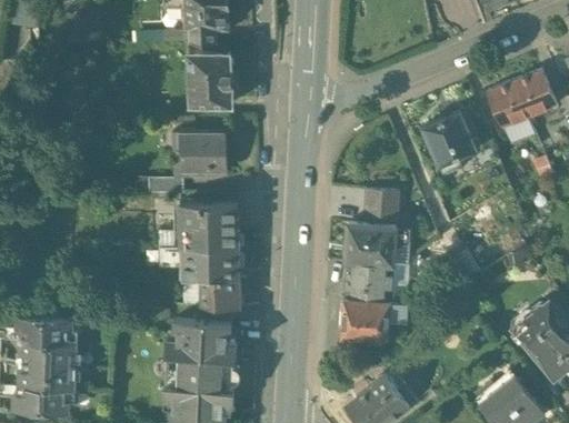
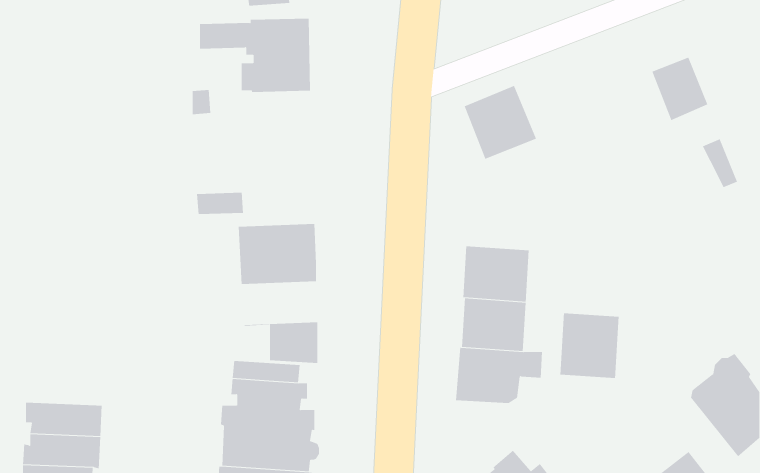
building: [515,72,557,119] -> none
building: [422,112,477,168] -> [464,85,537,160]
building: [179,135,227,177] -> none
building: [366,191,398,222] -> none
building: [158,251,243,283] -> none
building: none -> [560,312,619,379]
building: [14,318,73,343] -> none

